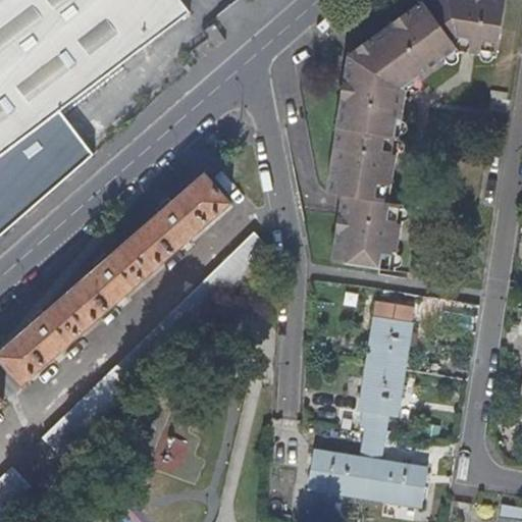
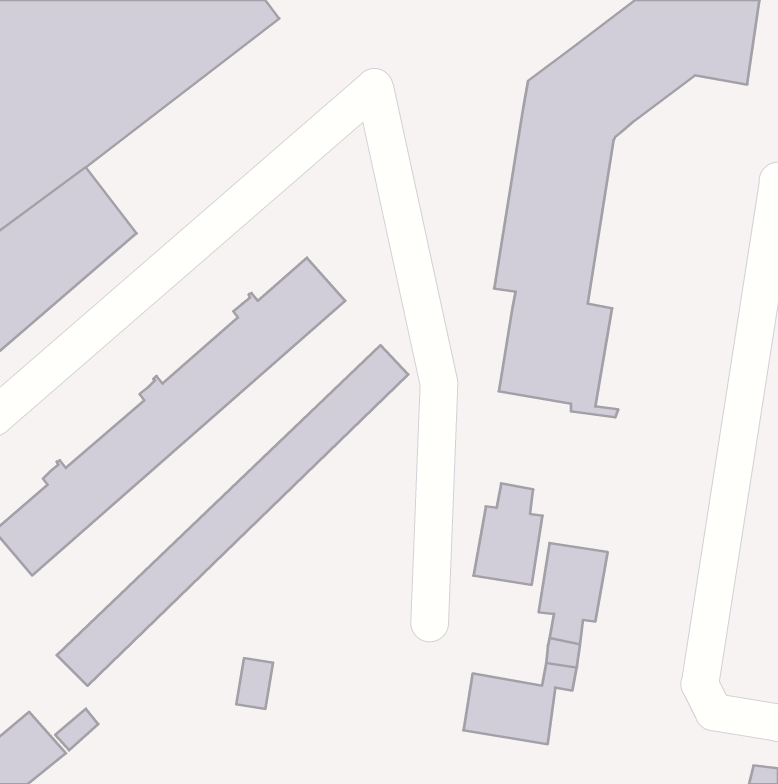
building: [365,300,411,367] -> [473,483,543,585]
building: [364,457,427,504] -> none

